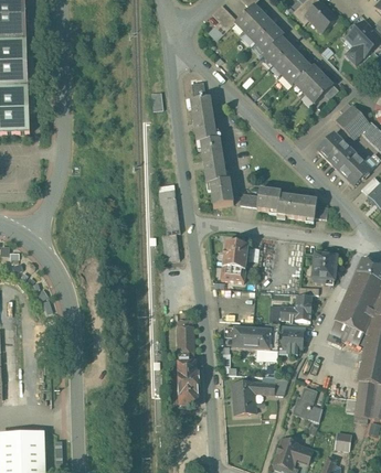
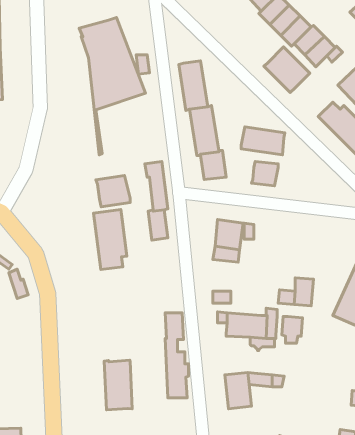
building: none -> [79,18,146,155]
building: none -> [264,47,310,92]
building: [277,194,317,219] -> [241,127,285,155]
building: none -> [96,176,130,207]
building: none -> [93,210,127,270]
building: [313,252,337,283] -> none
building: none -> [104,360,132,410]
building: [294,387,321,420] -> none

